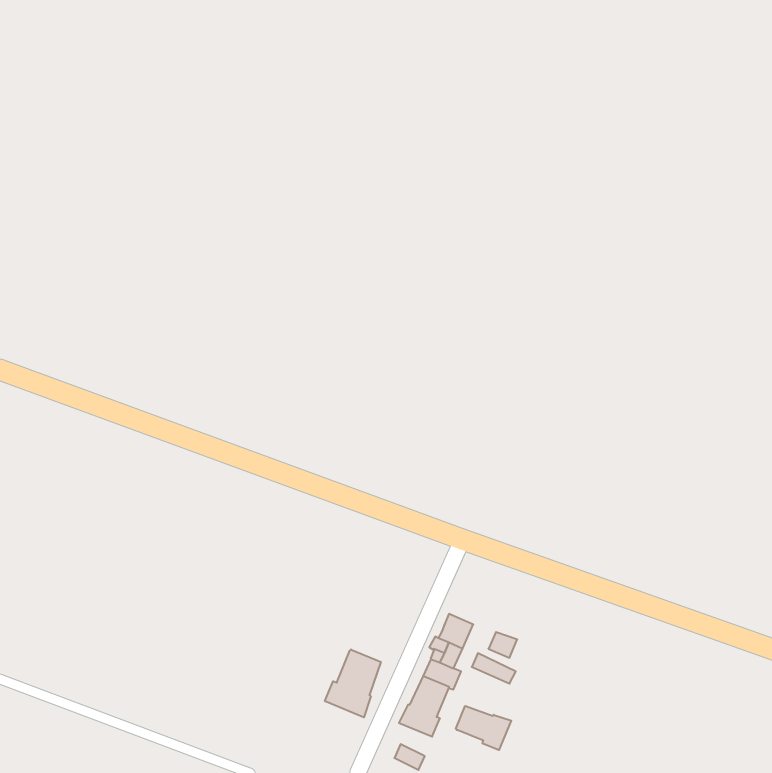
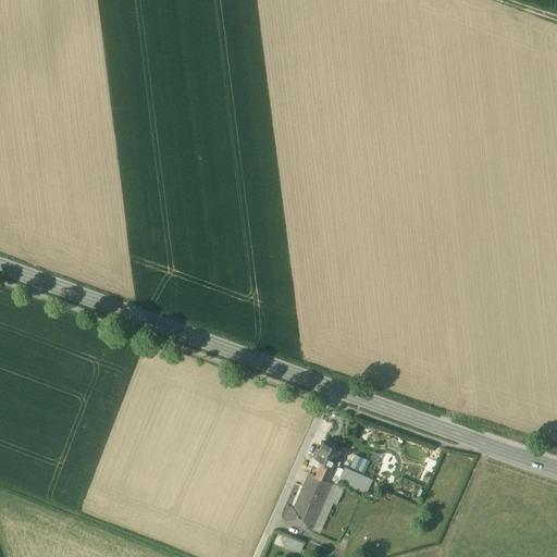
building: [325,649,381,717] -> none
building: [456,706,511,750] -> none

